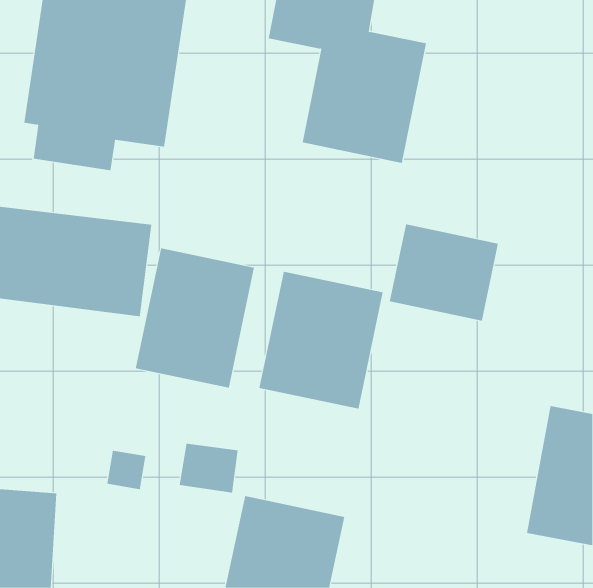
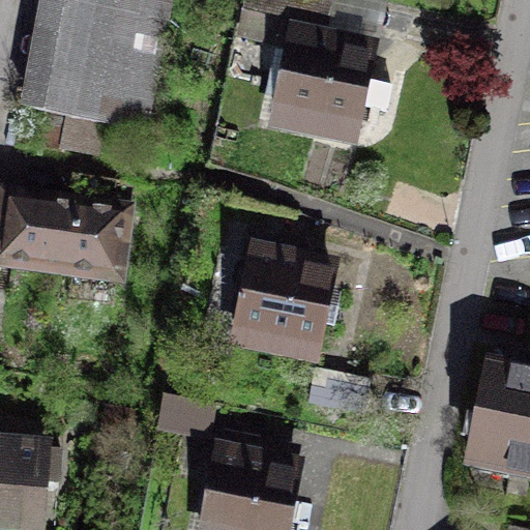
building: [389,224,499,321] -> none
building: [135,247,255,388] -> none

